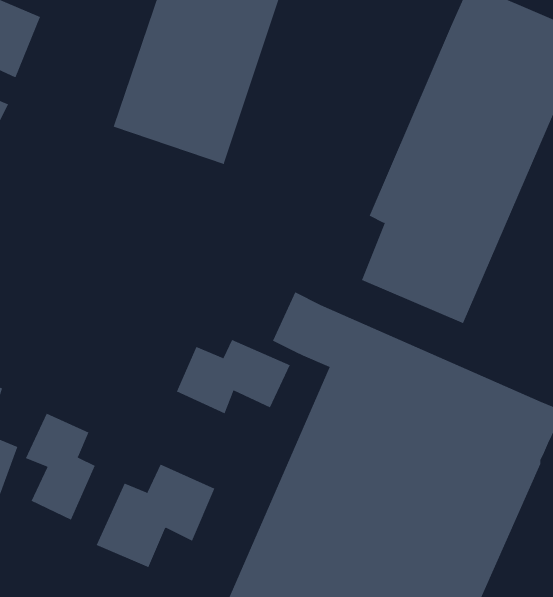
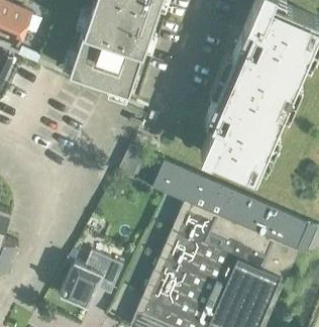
building: [176,339,290,414] -> none
building: [25,413,96,520] -> none

